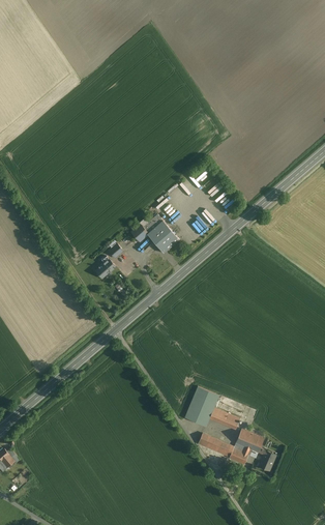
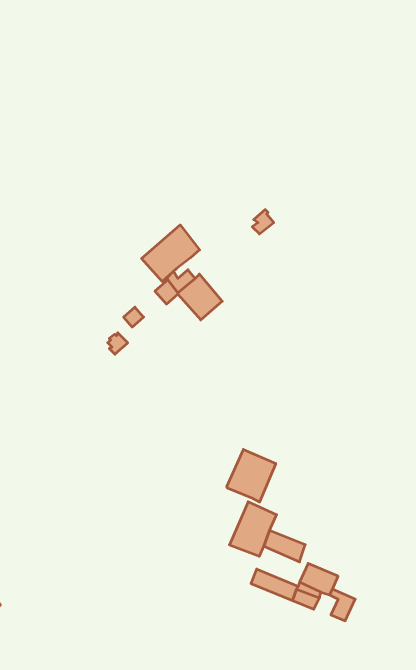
building: none -> [142,225,200,281]
building: none -> [227,449,276,502]

